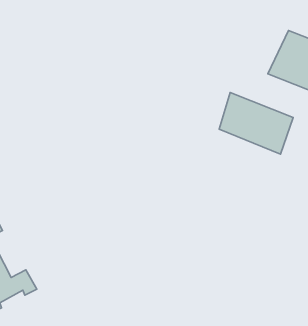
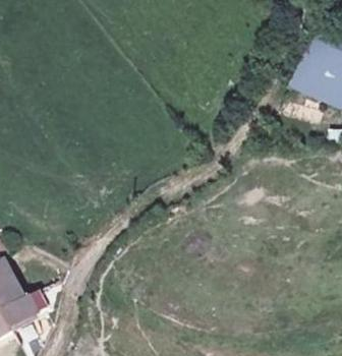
building: [219,92,293,154] -> none

